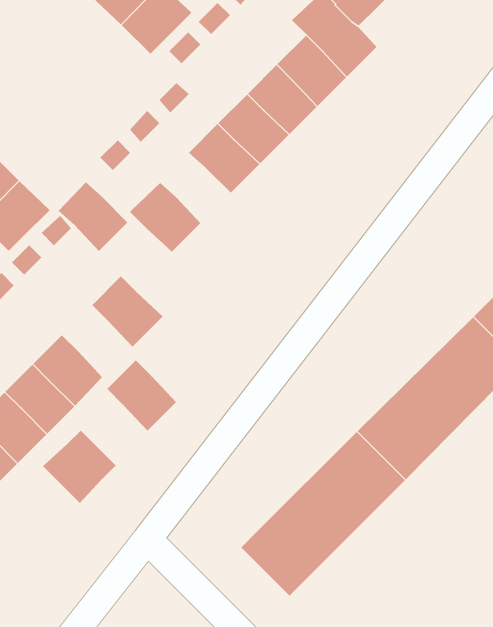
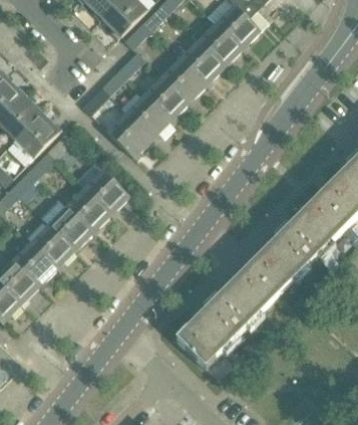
building: [58,181,128,252] -> [124,95,167,139]
building: [106,360,177,432] -> [64,189,107,233]
building: [42,430,116,504] -> none

